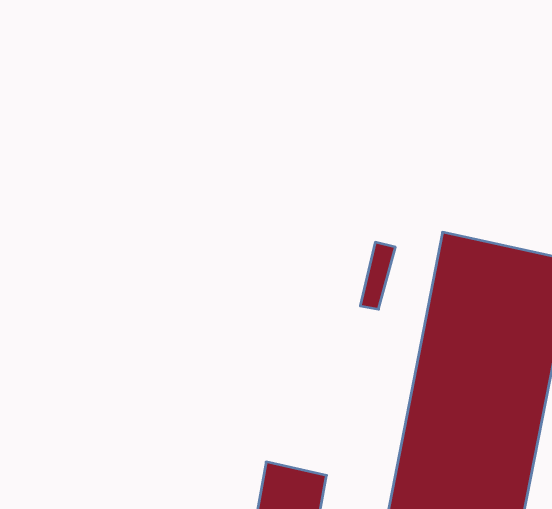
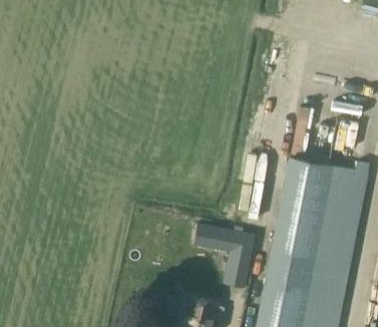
building: none -> [211,227,256,288]

